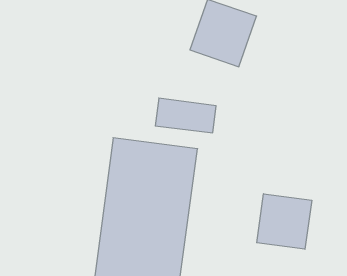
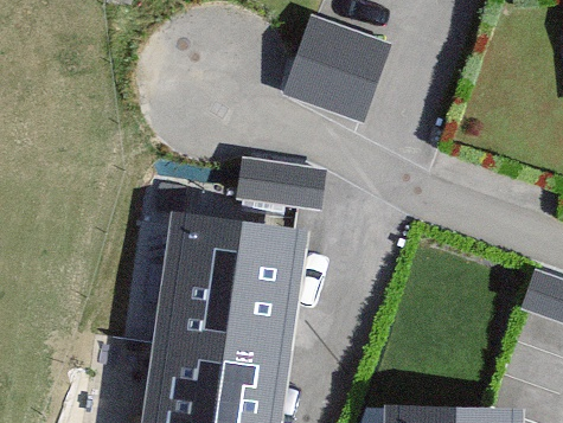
building: [257,194,312,249] -> none

